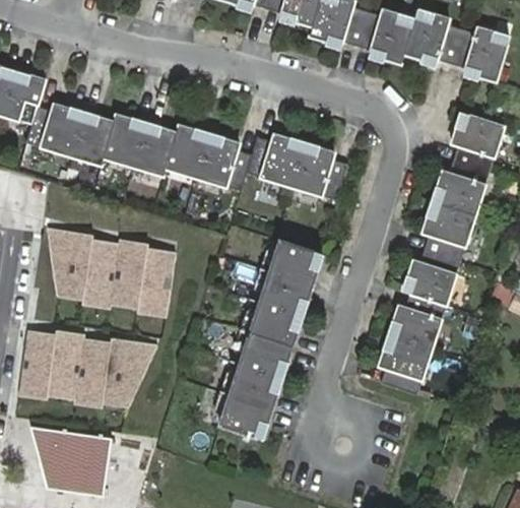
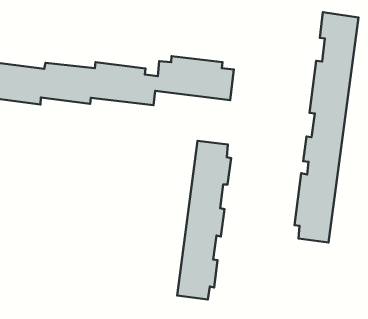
building: [44,228,179,319] -> none
building: [13,326,158,409] -> none

